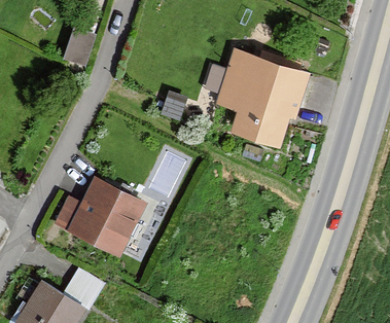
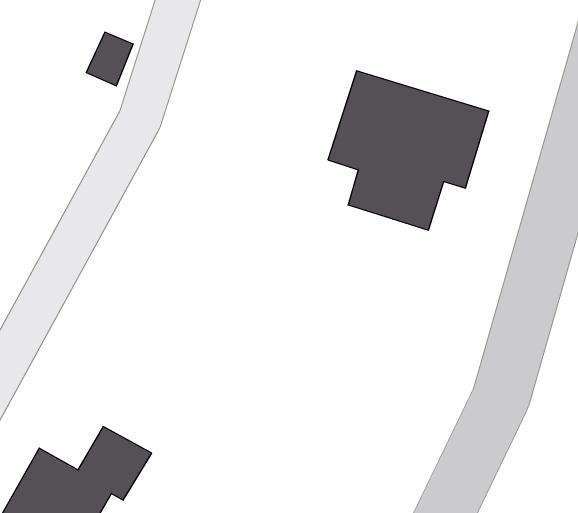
building: [55,176,146,257] -> none

